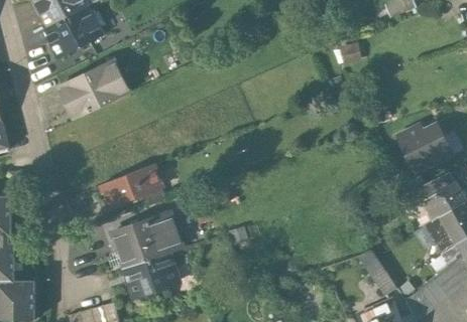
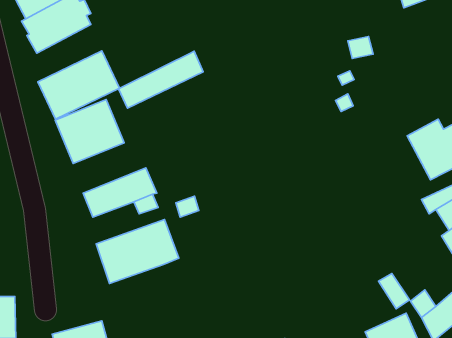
building: none -> [118,51,203,108]
building: none -> [55,100,124,163]
building: [120,253,181,301] -> none

